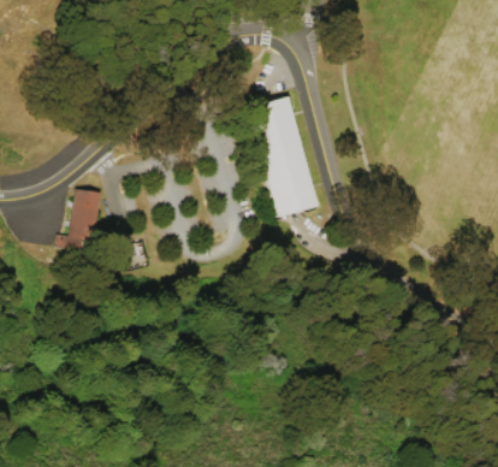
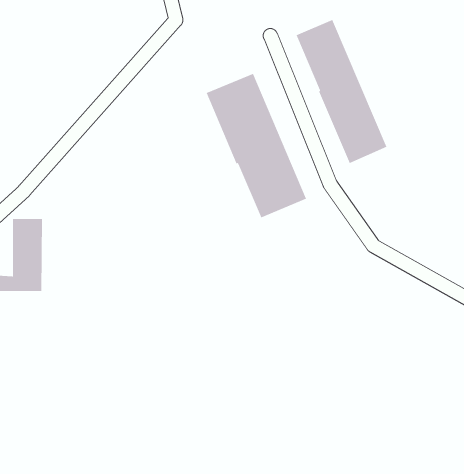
building: none -> [296,19,387,164]

